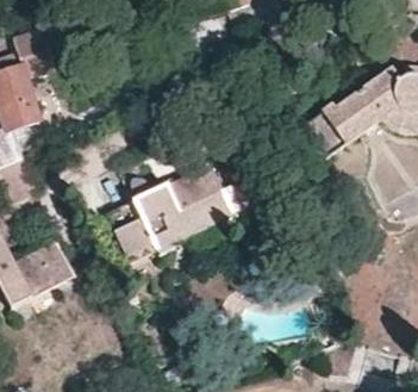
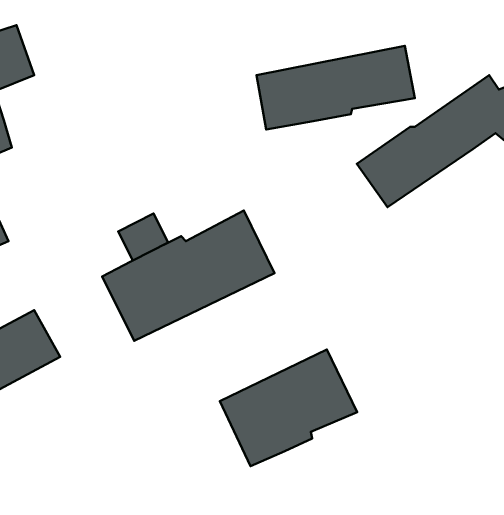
building: none -> [256,46,415,129]
building: none -> [220,349,357,466]

